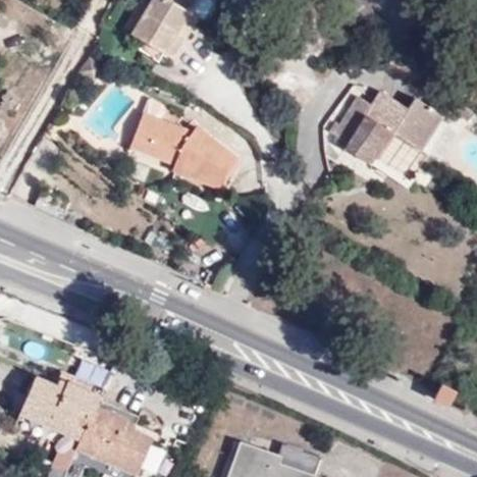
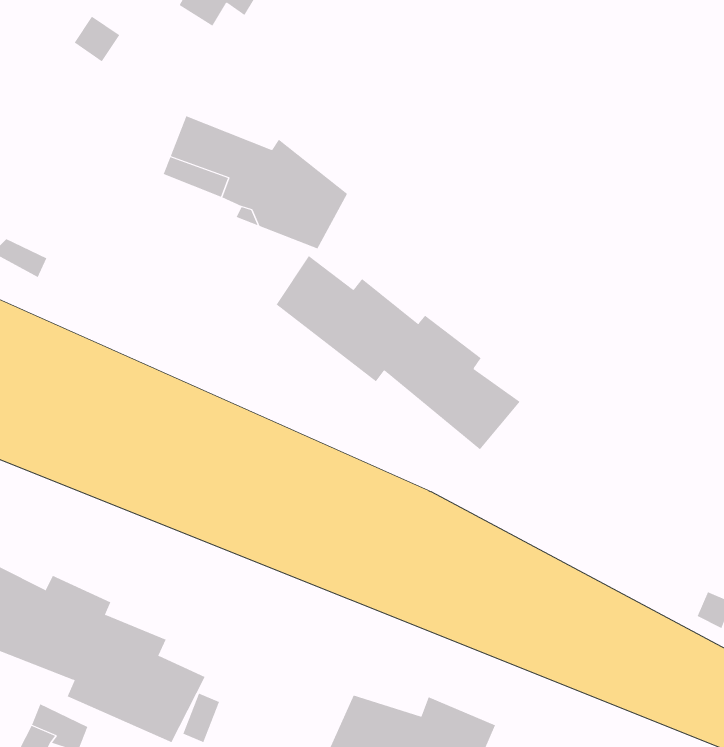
building: [333,91,445,184] -> none
building: none -> [276,255,520,450]

